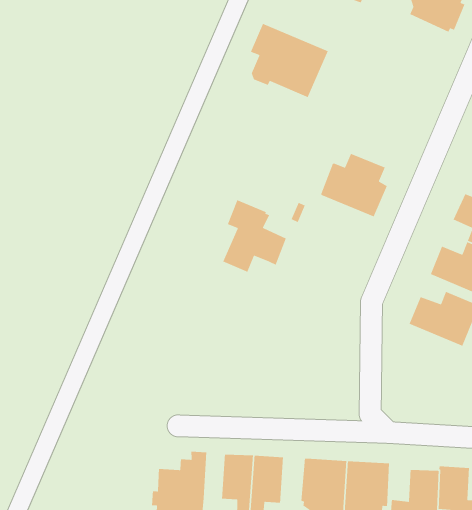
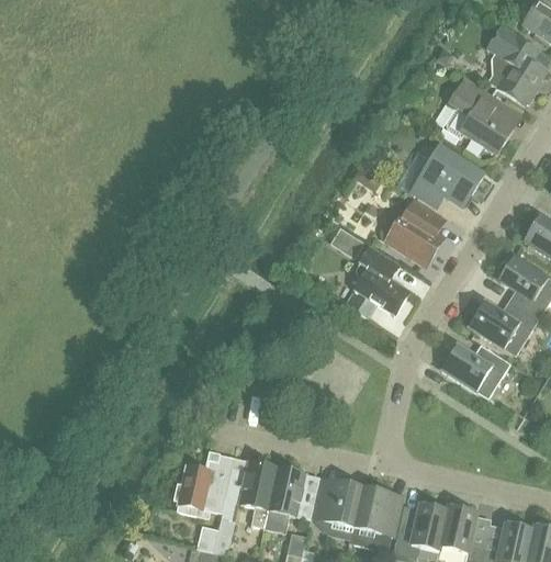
building: [250,23,329,98] -> [447,76,522,153]
building: none -> [412,145,483,205]
building: [222,199,287,273] -> [346,246,409,316]

